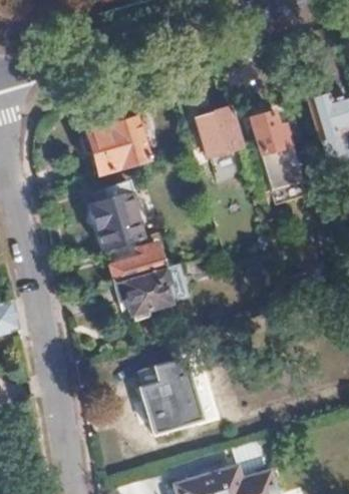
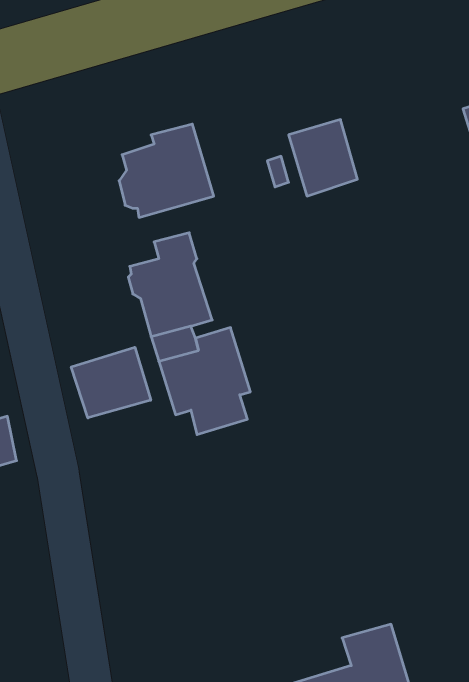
building: [251,111,303,189] -> none
building: none -> [71,347,151,418]
building: [140,358,204,433] -> none

